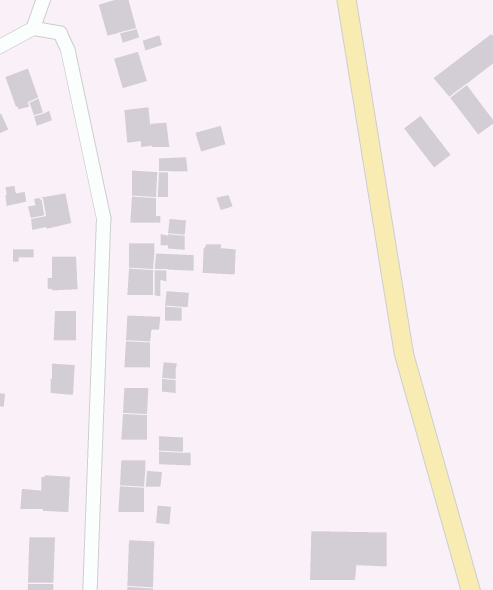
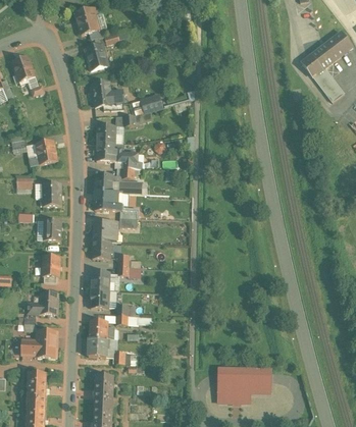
building: [403,115,451,169] -> none
building: [202,244,236,275] -> none
building: none -> [29,291,59,314]

